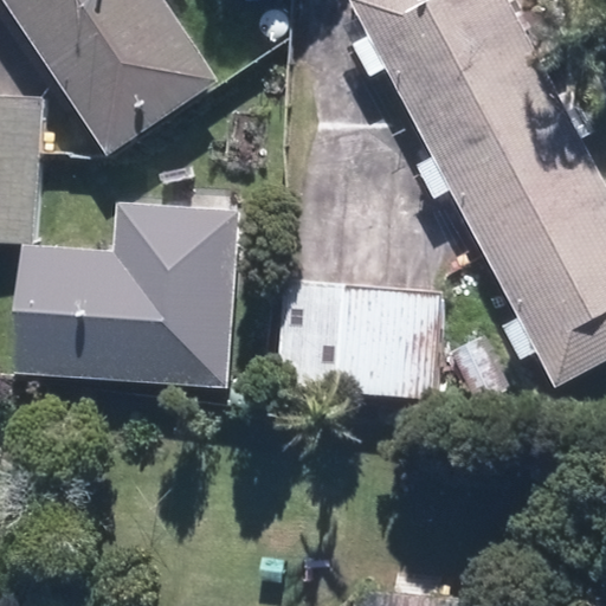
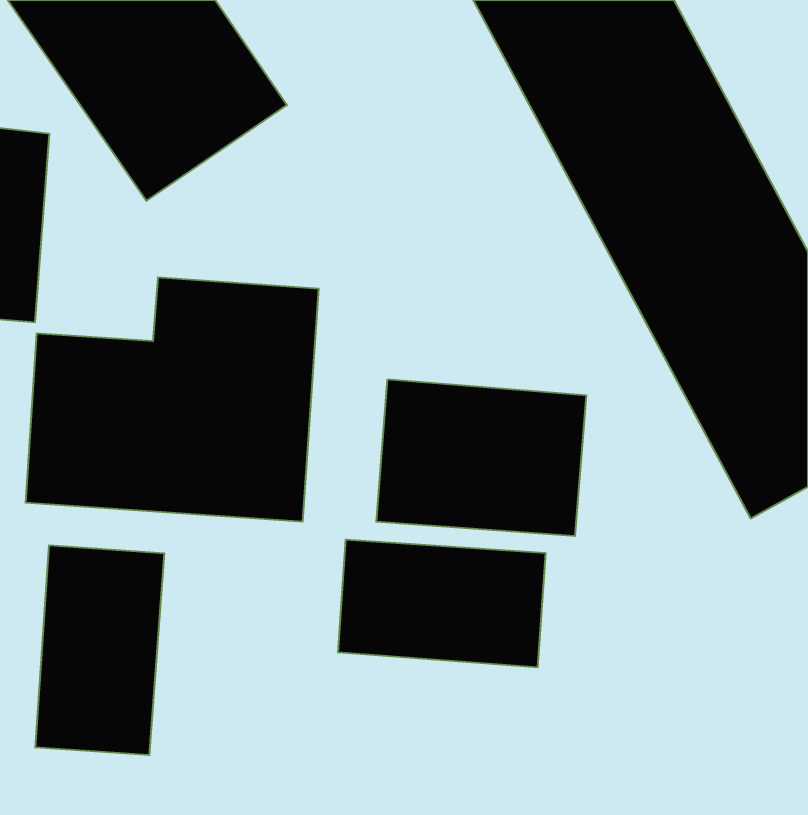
building: none -> [338,539,545,667]
building: none -> [35,545,164,755]

